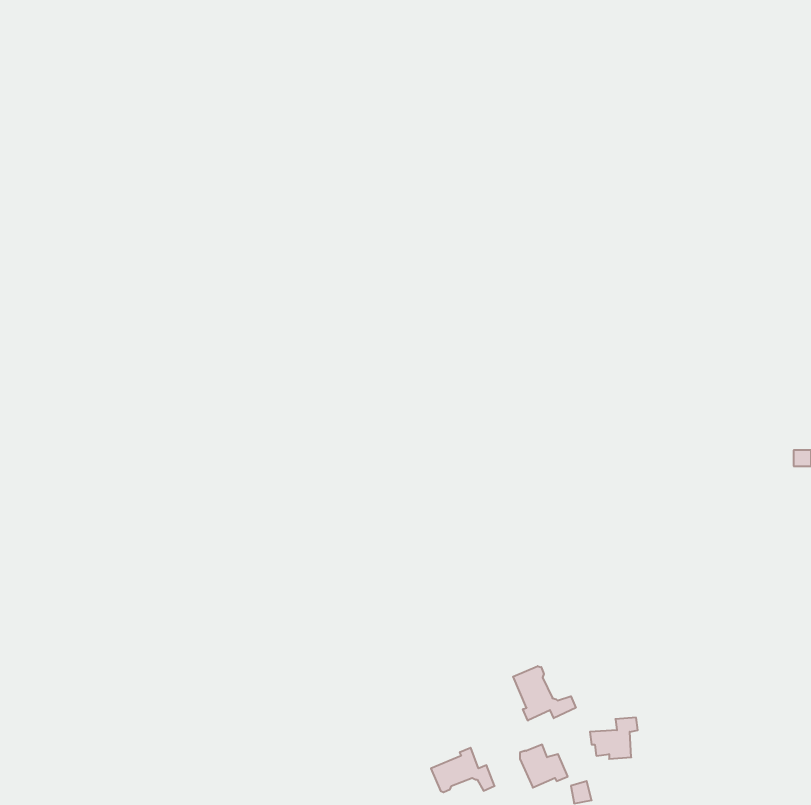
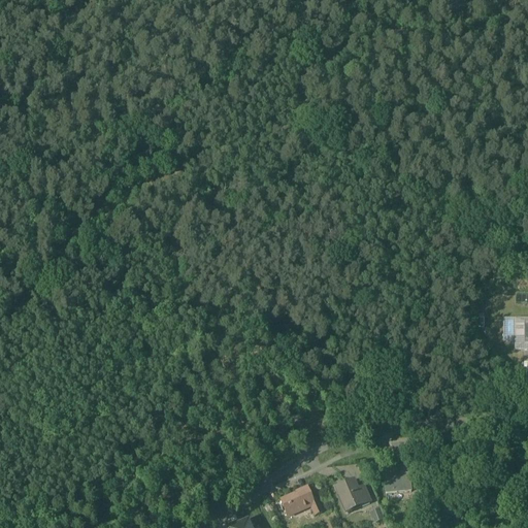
building: [513,666,576,721] -> none

